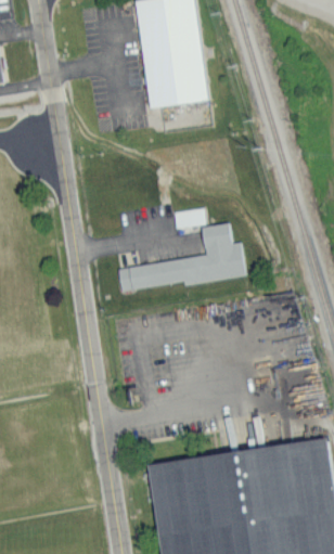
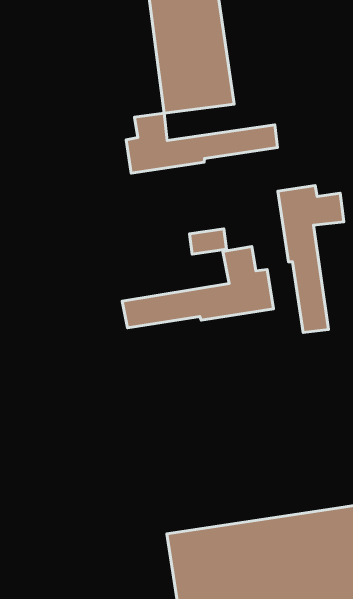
building: none -> [126,113,278,173]
building: none -> [278,186,344,332]

